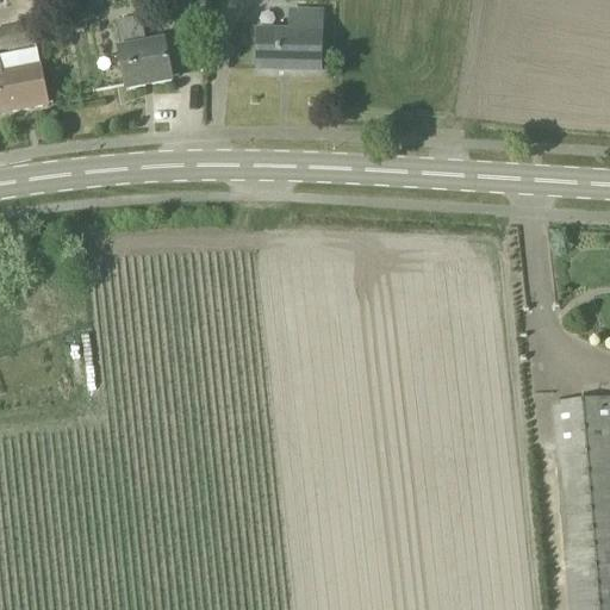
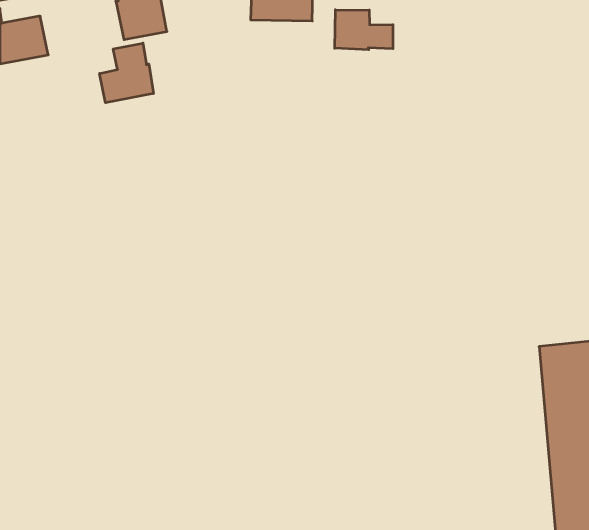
building: none -> [335,10,393,50]
building: none -> [100,43,153,103]

